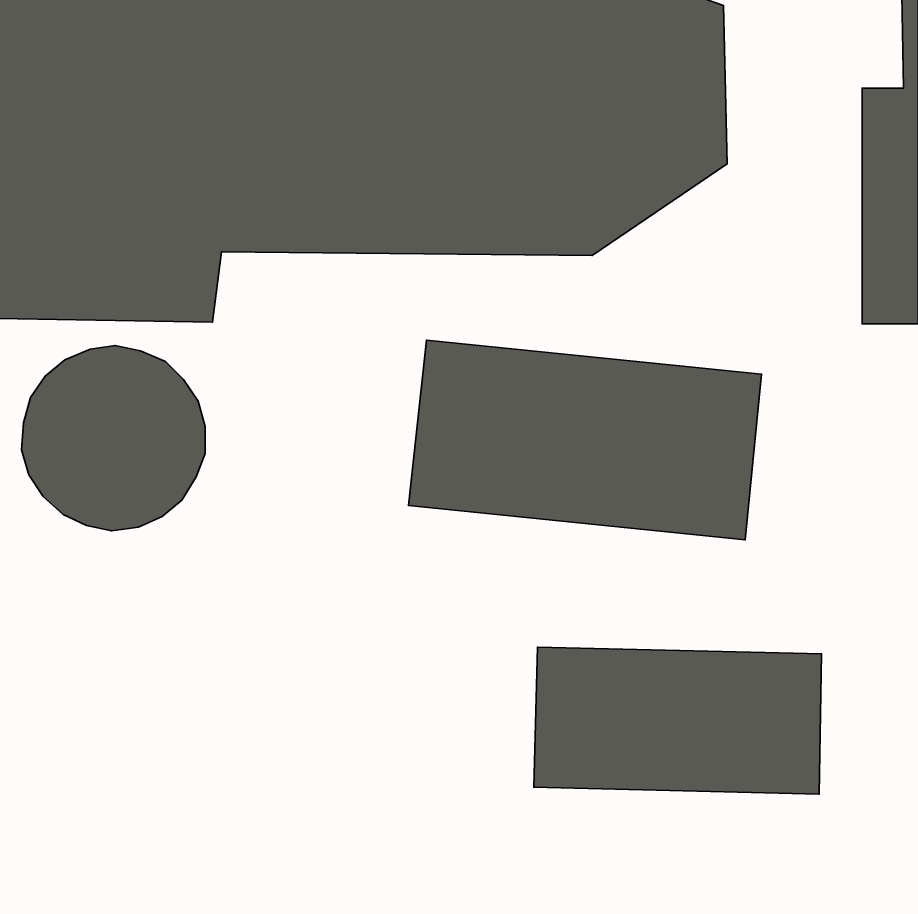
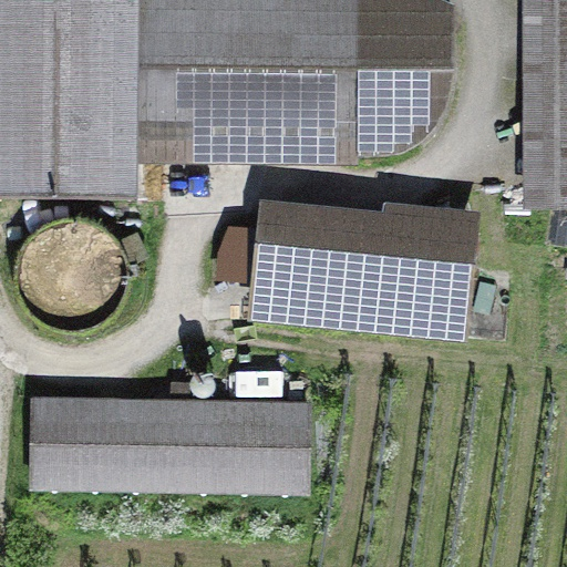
building: none -> [30,396,307,493]
building: [534,647,821,794] -> none

